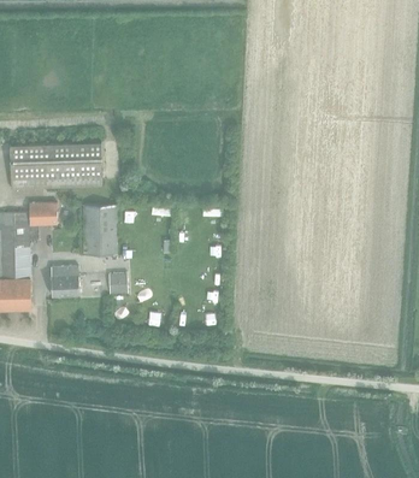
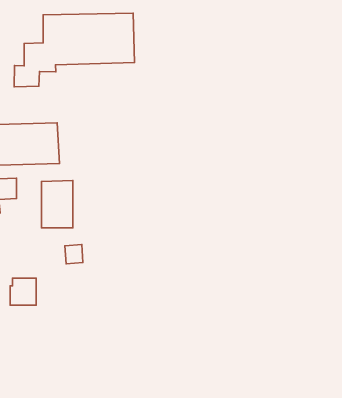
building: none -> [14,13,135,87]
building: [52,266,79,295] -> [10,278,36,305]

